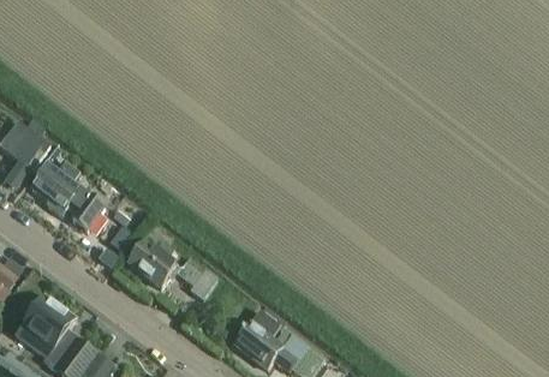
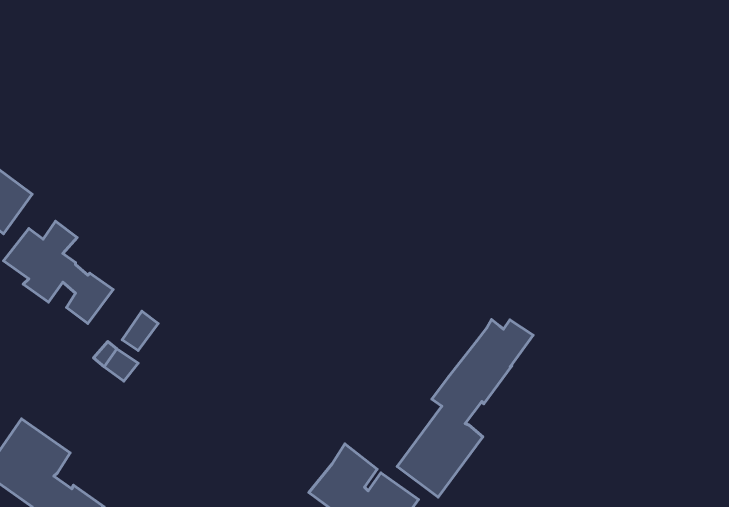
building: none -> [397,319,533,497]
building: [129,243,217,299] -> none

